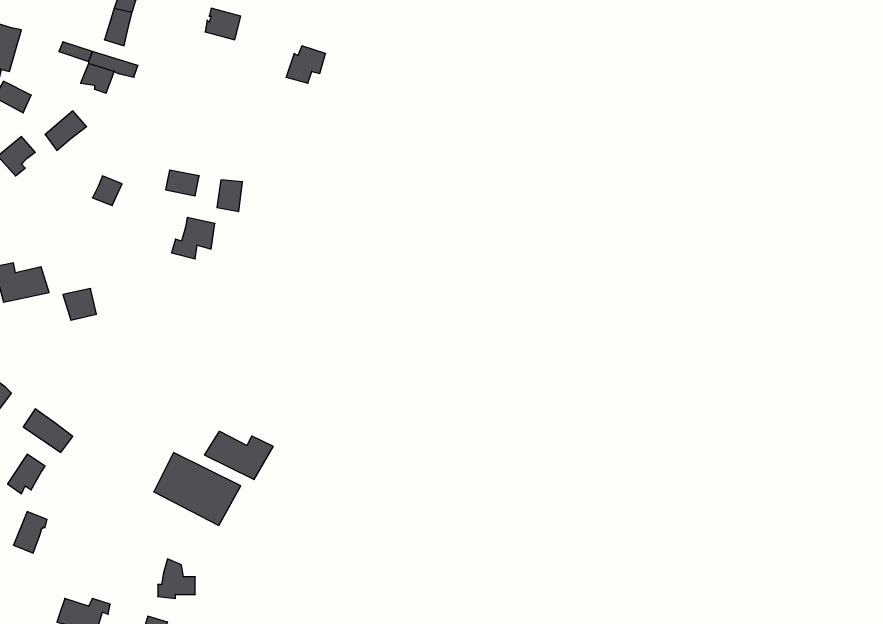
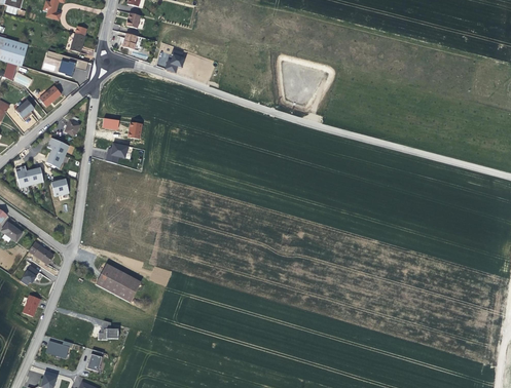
building: none -> [44,138,66,167]
building: [205,431,273,480] -> none

